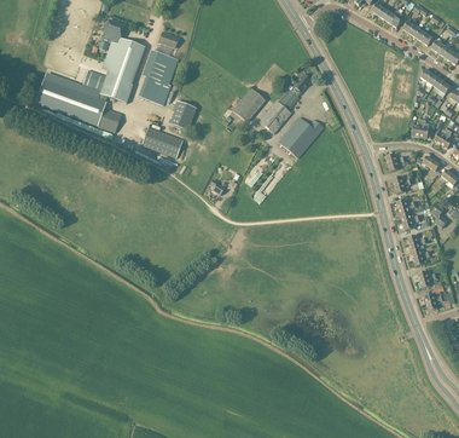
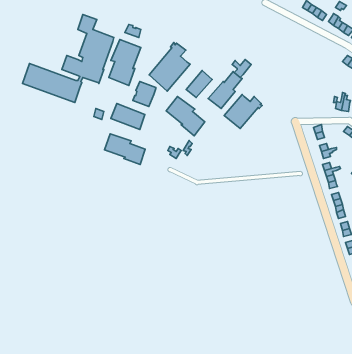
building: none -> [149,43,190,91]
building: none -> [166,96,205,136]
building: none -> [105,134,145,165]

